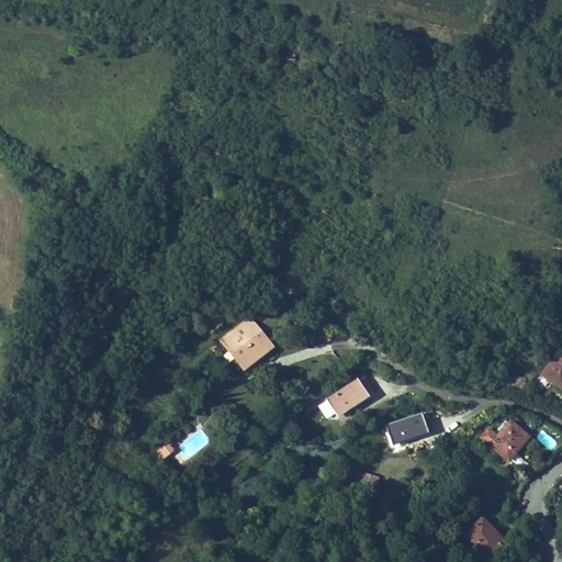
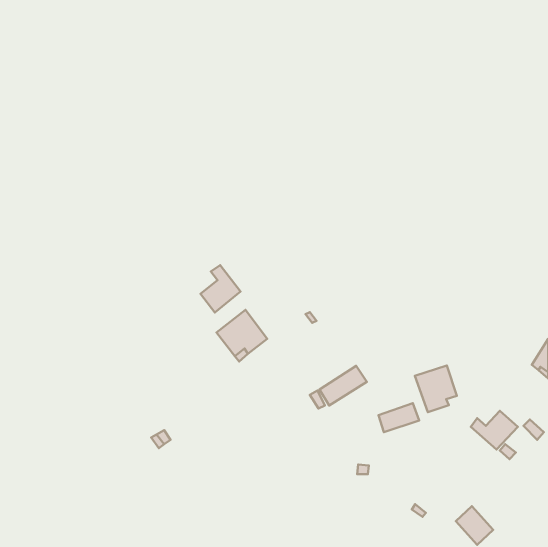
building: none -> [201,265,240,312]
building: none -> [415,365,457,412]

